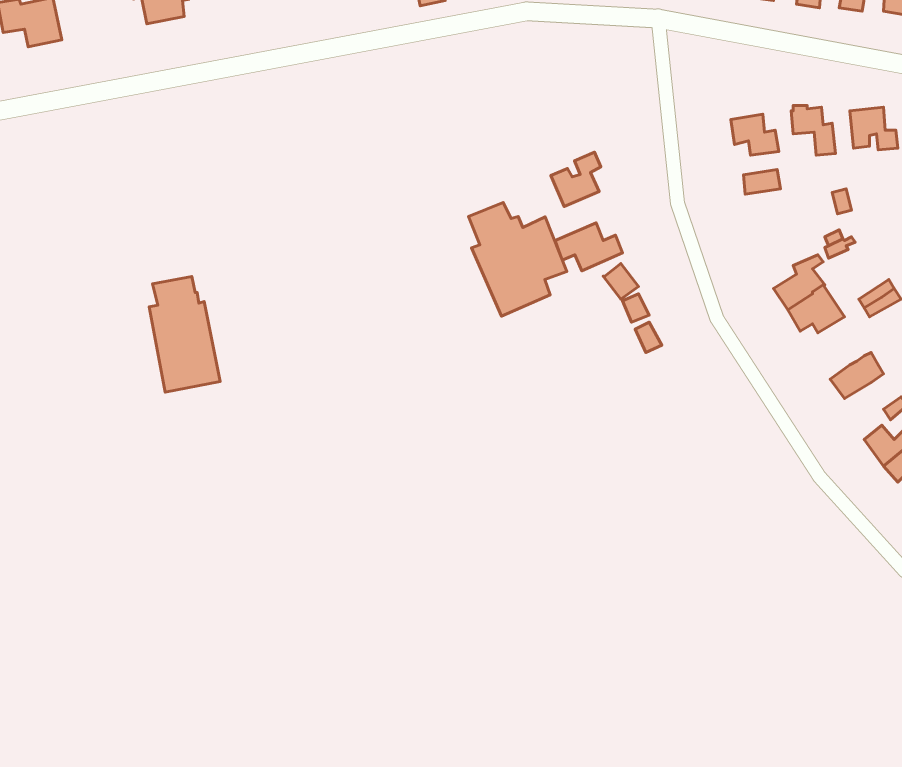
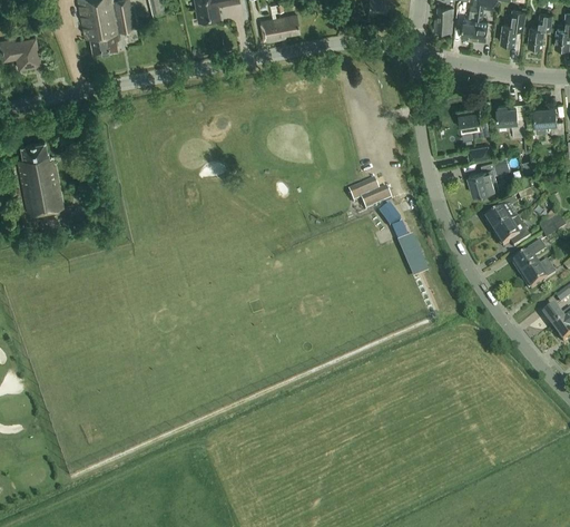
building: [551,152,601,206] -> none
building: none -> [469,157,510,196]
building: [469,203,567,316] -> none
building: [149,277,220,392] -> [19,141,63,214]
building: none -> [514,242,547,277]

